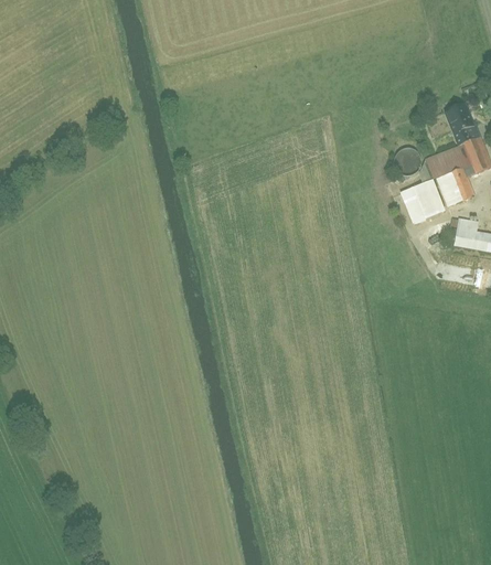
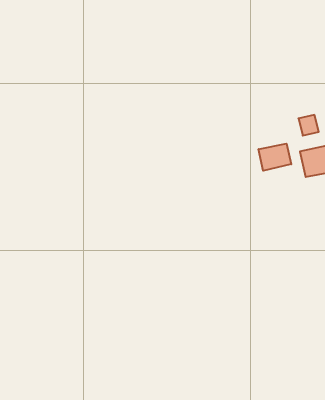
building: none -> [259,144,291,171]

